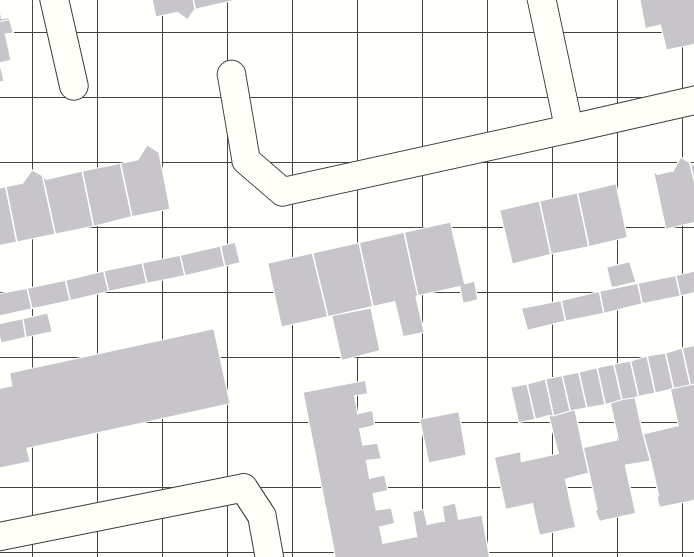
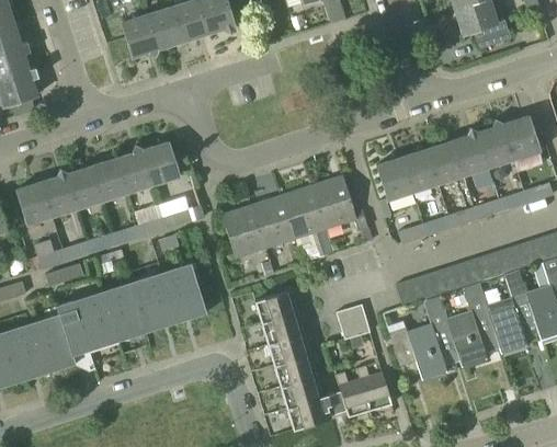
building: none -> [144,141,181,185]
building: none -> [453,126,489,175]
building: [332,308,380,360] -> none

